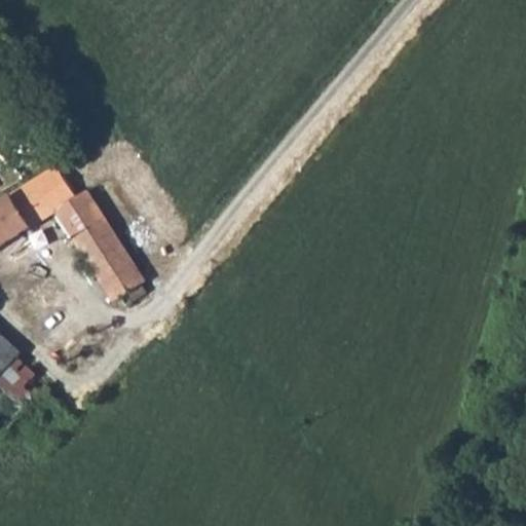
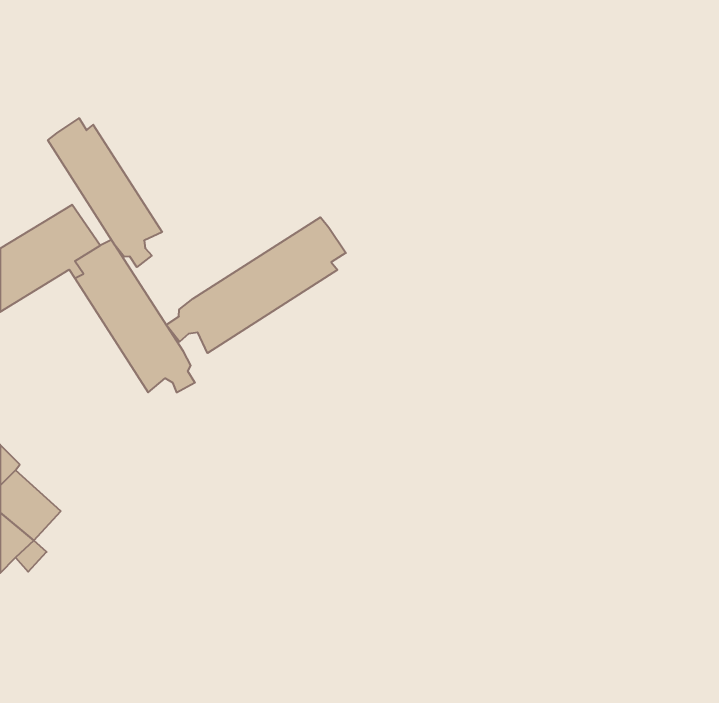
building: none -> [48,118,162,267]
building: none -> [166,217,346,353]

